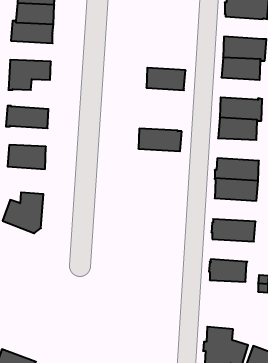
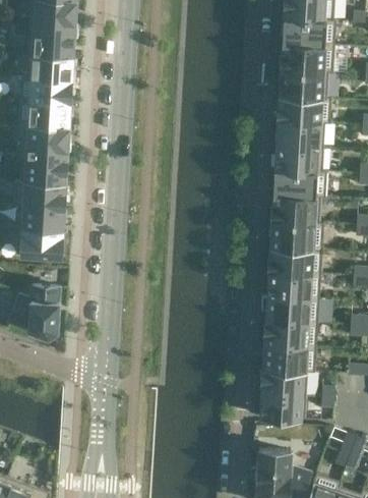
building: none -> [280,72,327,100]
building: none -> [18,102,70,127]
building: [146,68,186,90] -> [275,147,323,174]
building: none -> [19,149,67,185]
building: none -> [17,206,64,231]
building: [138,129,182,151] -> [271,221,324,248]
building: none -> [261,294,319,323]
building: none -> [263,344,316,375]
building: none -> [260,394,306,422]

